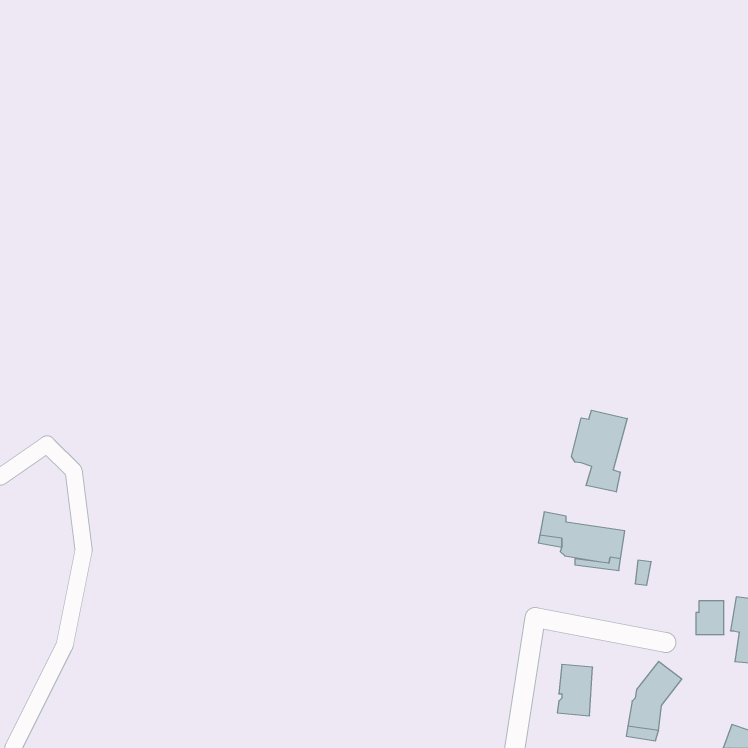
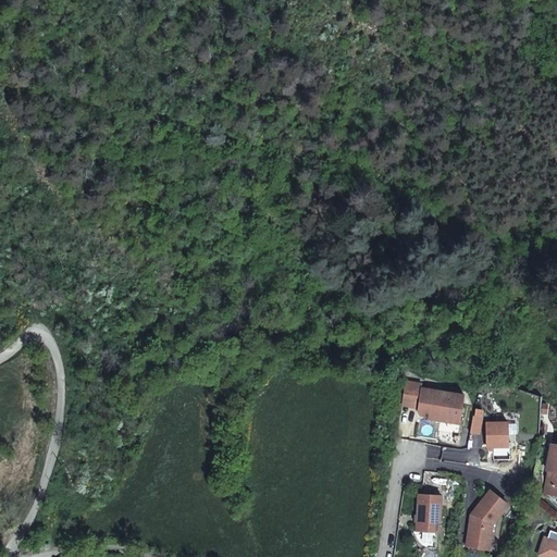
building: [572,410,627,492] -> none
building: [696,601,724,635] -> [486,422,507,447]

